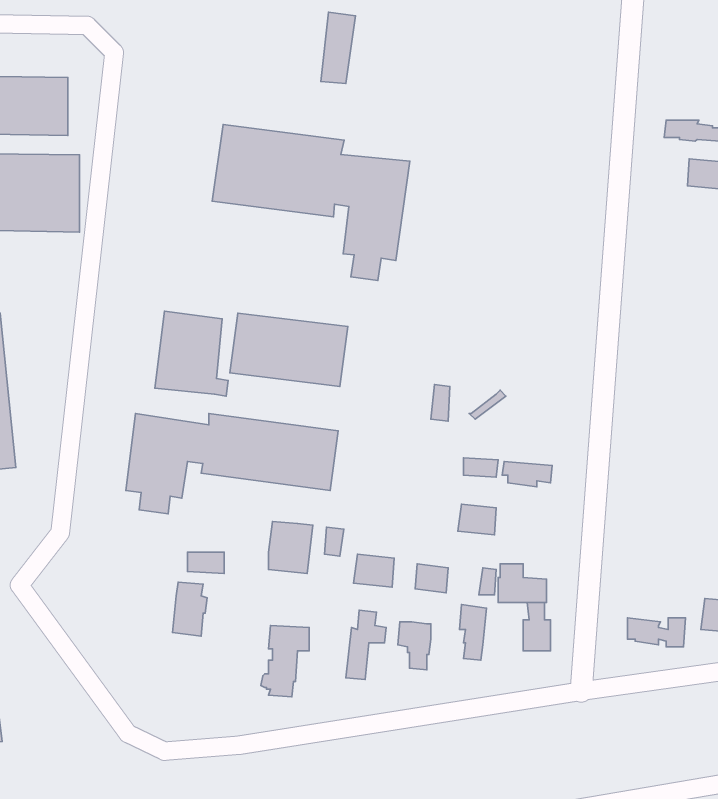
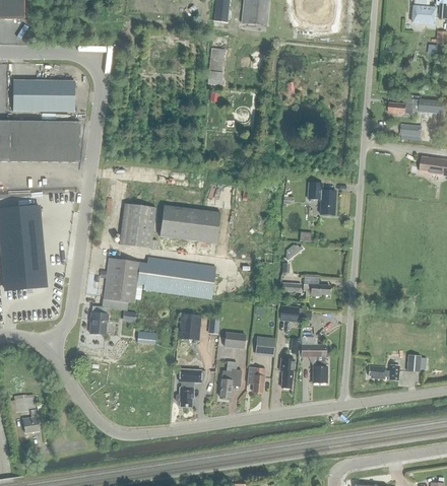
building: [212,124,410,280] -> none
building: none -> [307,181,334,213]
building: [172,582,207,636] -> [89,305,108,334]

